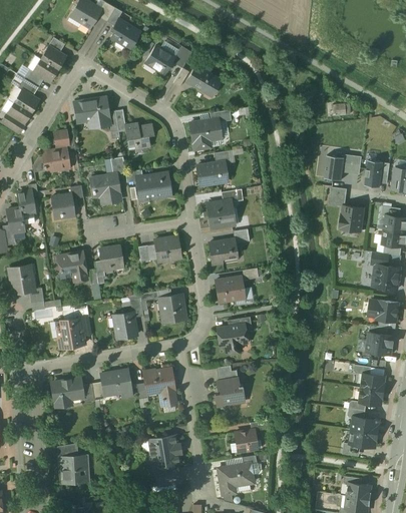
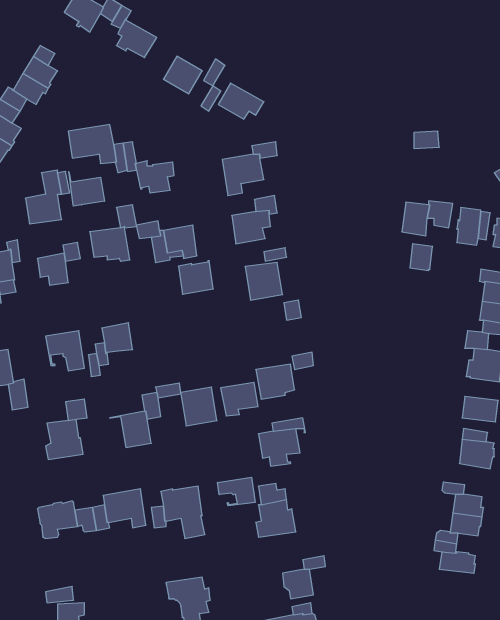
building: none -> [69,172,104,206]
building: [340,205,363,230] -> none
building: [154,236,180,262] -> [178,261,213,294]
building: [209,238,237,264] -> [221,382,258,416]
building: none -> [218,477,255,506]
building: [350,430,378,448] -> none

